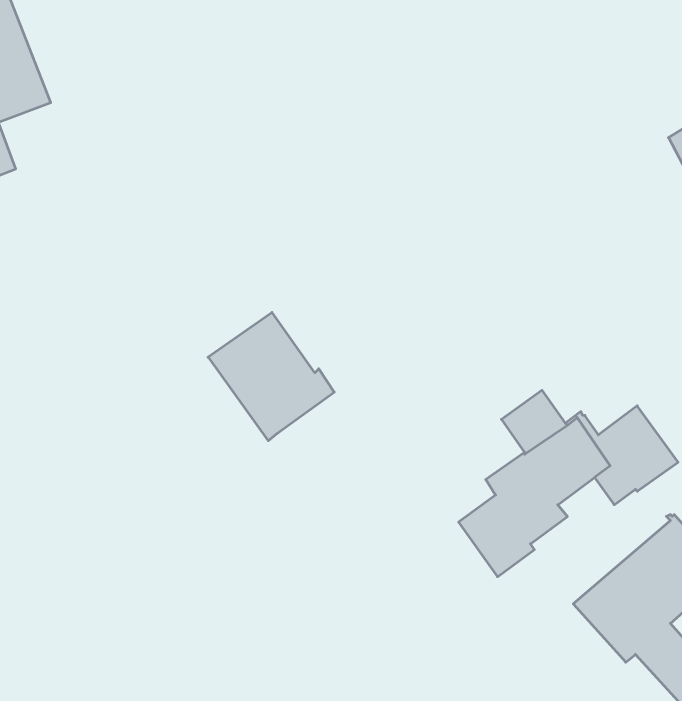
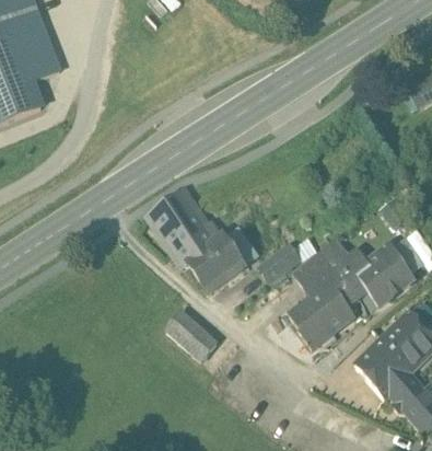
building: none -> [189,238,242,290]
building: none -> [260,243,302,280]
building: none -> [293,255,328,289]
building: none -> [167,308,218,356]

